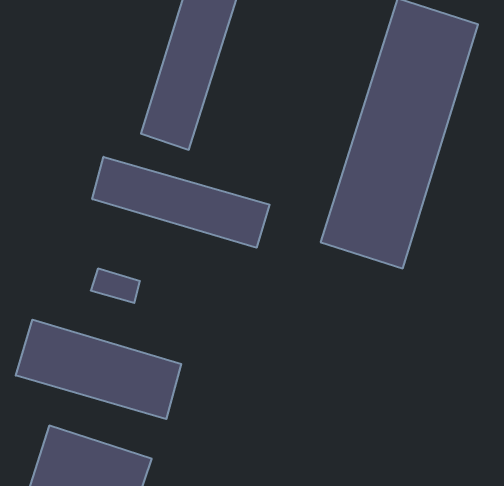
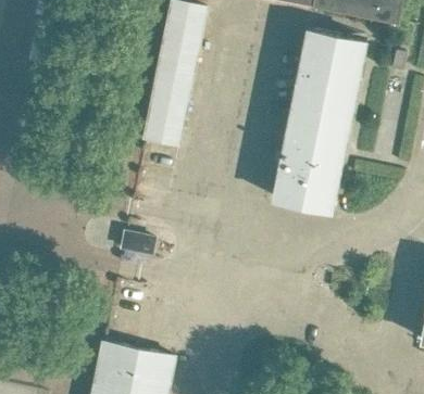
building: [92,157,270,248] -> none
building: [16,320,181,419] -> none

